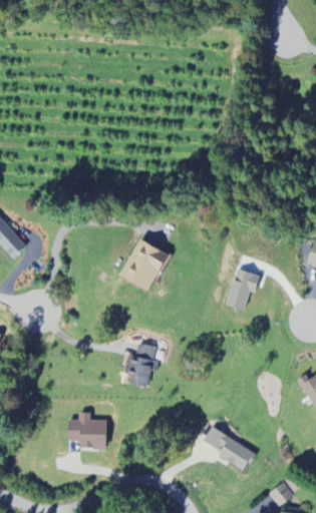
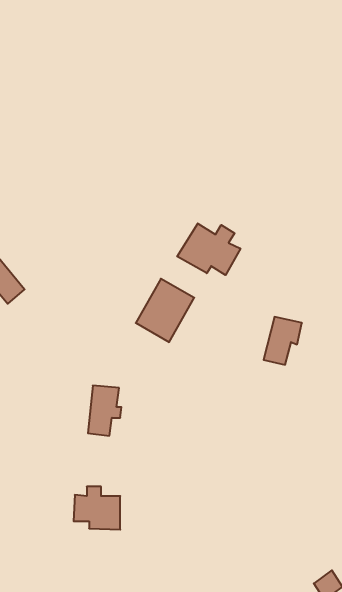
building: none -> [177,223,240,275]
building: [129,344,157,386] -> [88,386,121,436]
building: [203,426,255,471] -> none

